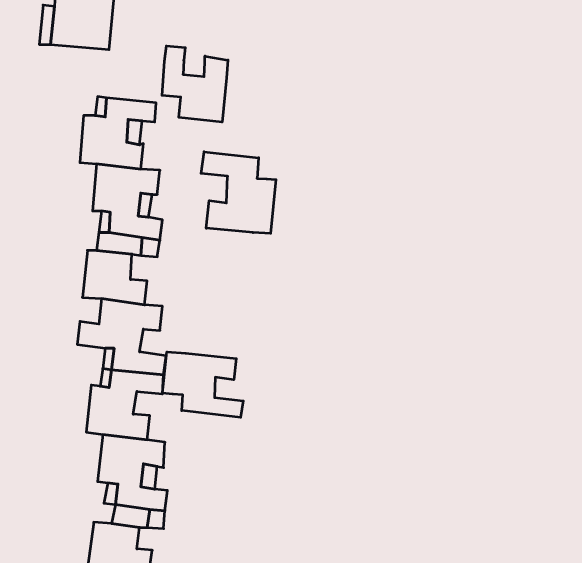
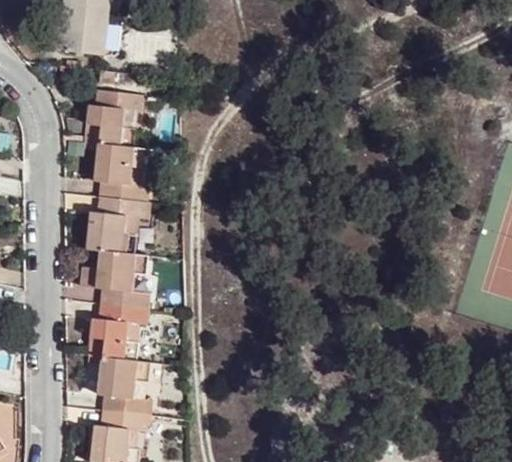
building: [162,46,228,122] -> none
building: [201,152,276,233] -> none
building: [162,352,243,417] -> none

